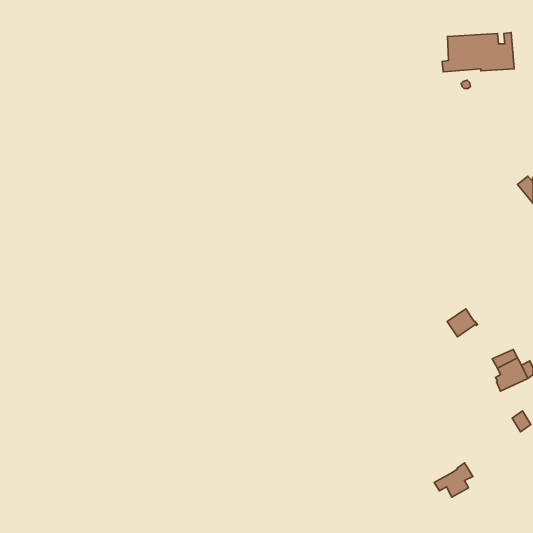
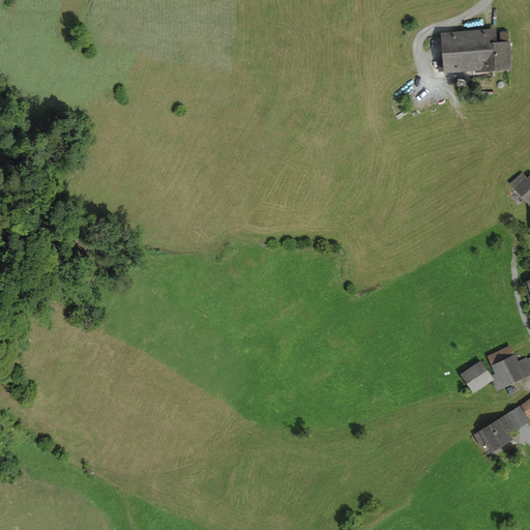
building: [447,309,477,337] -> [464,362,494,390]
building: [434,463,473,497] -> [475,415,513,449]

